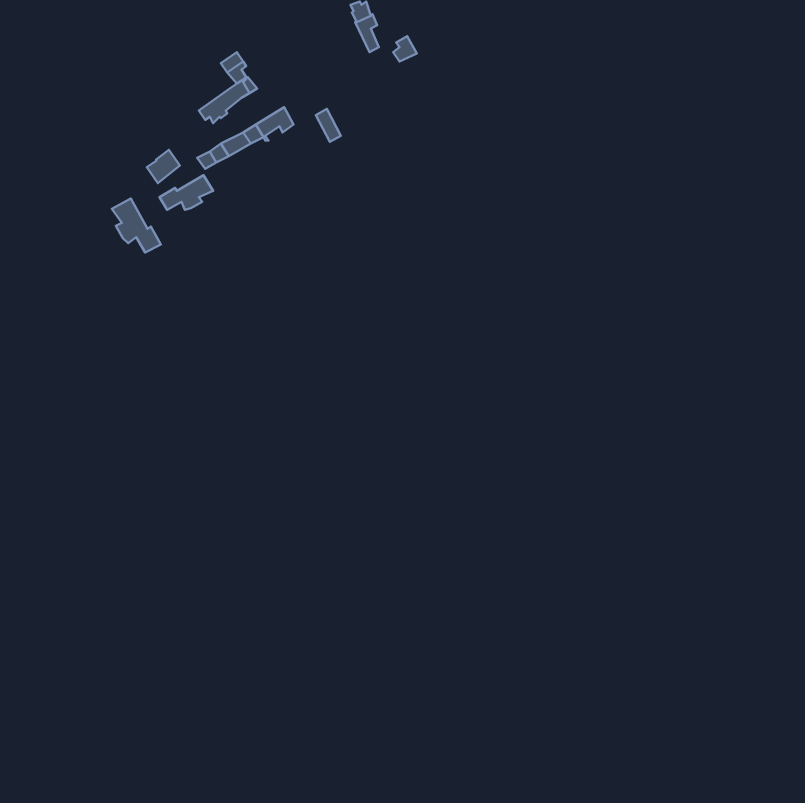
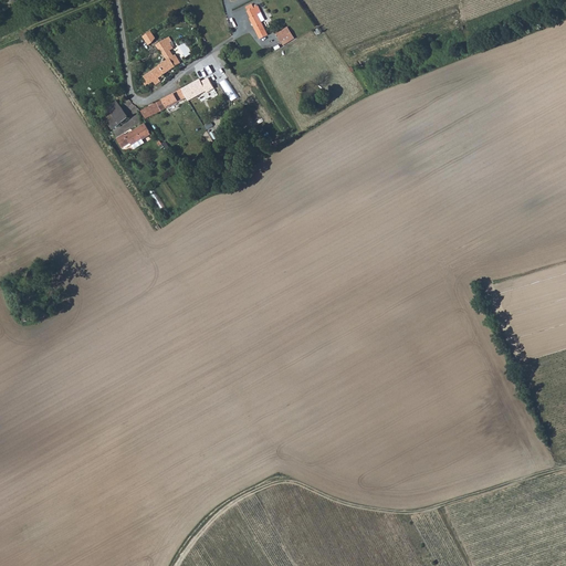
building: [112,199,161,253] -> none

